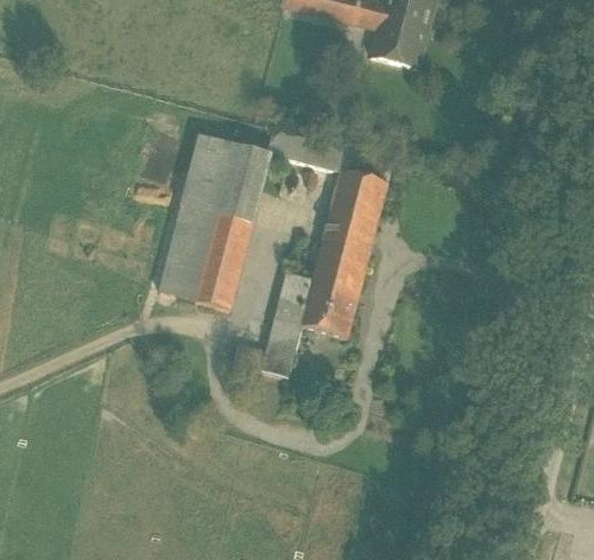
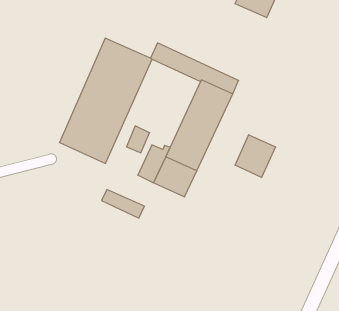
building: none -> [235,135,275,178]
building: [273,318,302,354] -> [127,126,150,153]

